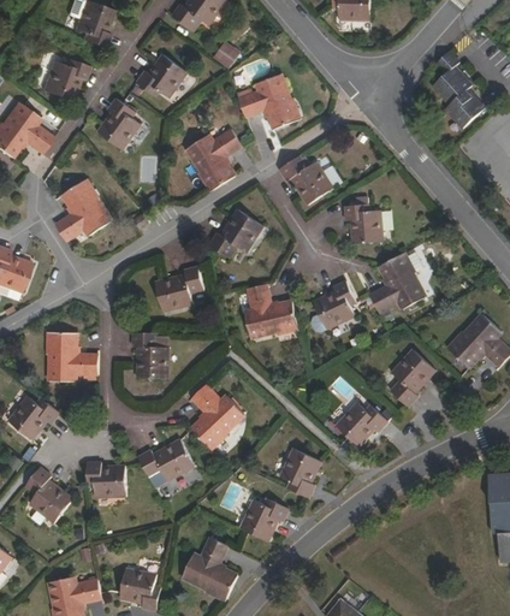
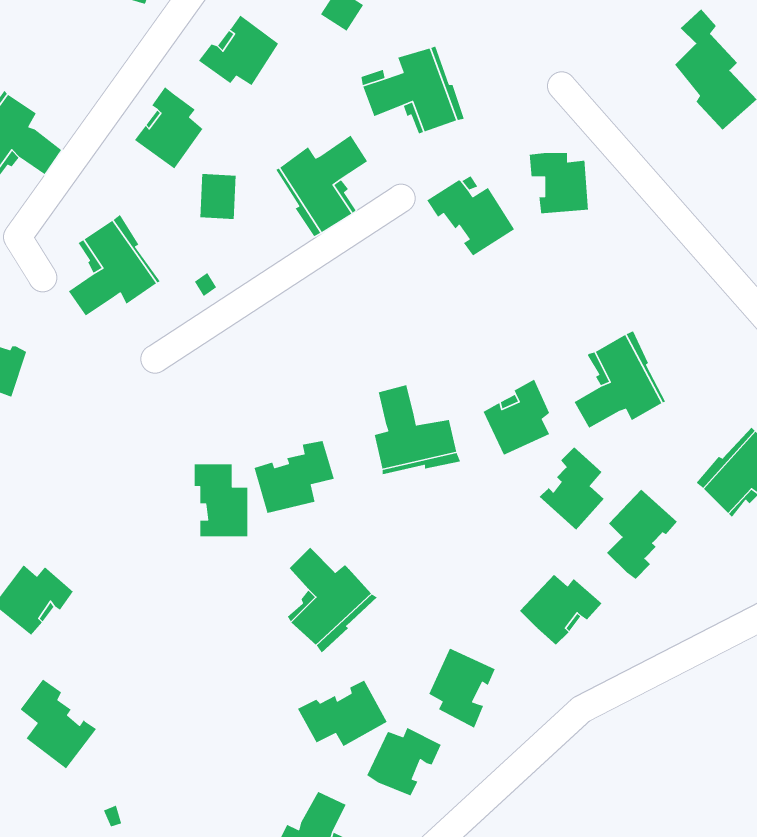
building: [42,59,88,102] -> none
building: [345,205,382,243] -> [529,152,589,214]
building: [209,209,263,259] -> none
building: [154,266,204,312] -> [253,440,335,514]
building: none -> [539,447,605,530]
building: [51,333,97,383] -> none
building: [138,439,195,481] -> [297,680,388,747]
building: [87,462,126,497] -> none

